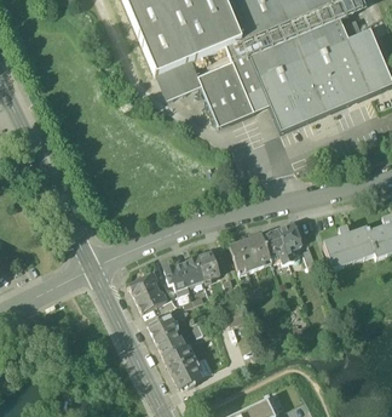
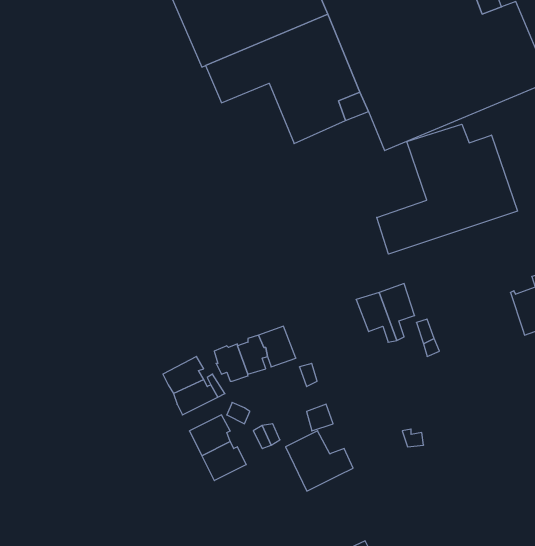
building: none -> [377,124,518,254]
building: [324,225,375,268] -> none
building: [229,233,270,269] -> none
building: [165,345,211,387] -> [286,431,353,491]

